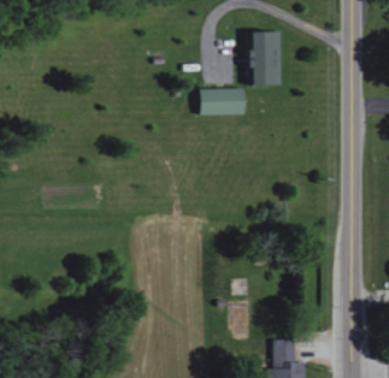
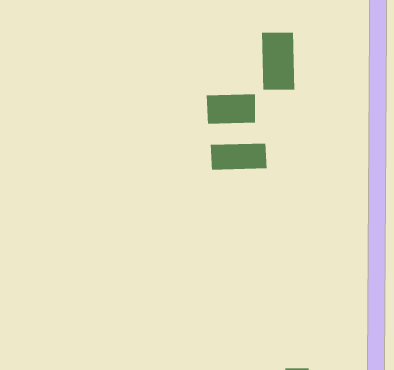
building: none -> [210,143,267,170]

